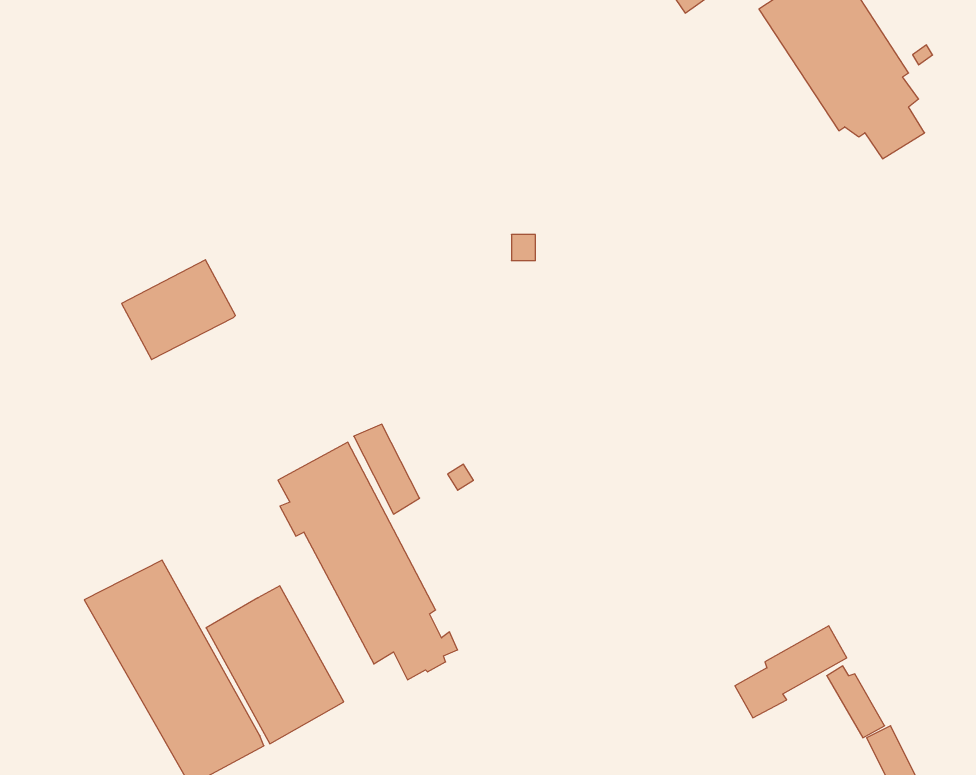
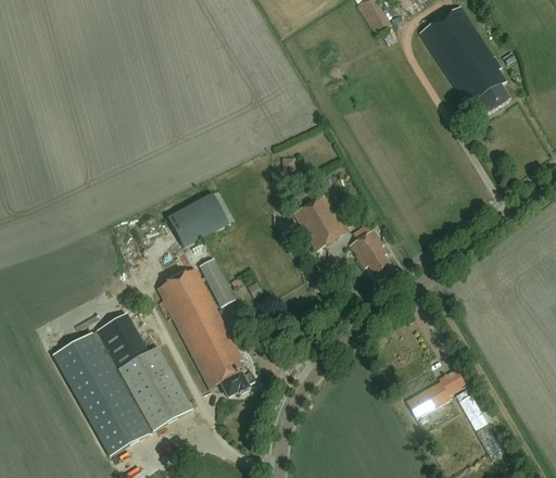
building: [122,260,235,360] -> [166,191,228,246]
building: none -> [293,193,346,250]
building: none -> [349,228,391,276]
building: none -> [96,312,148,367]

